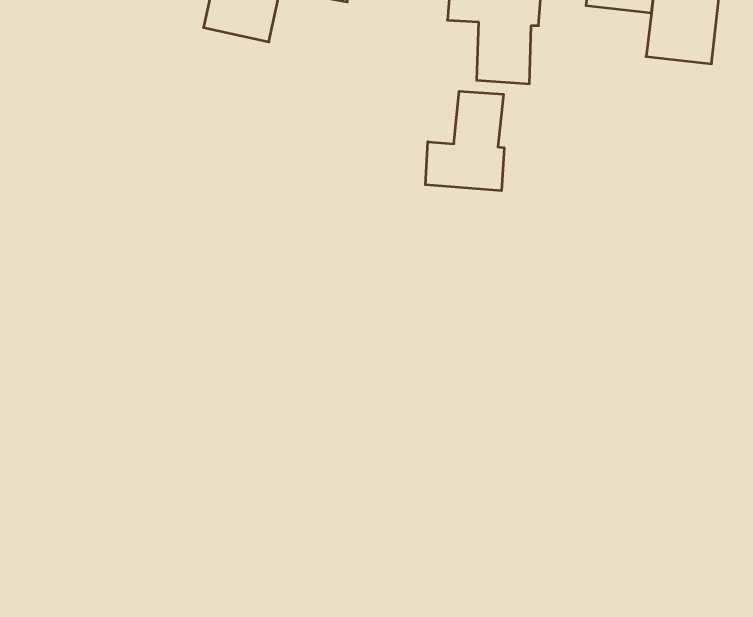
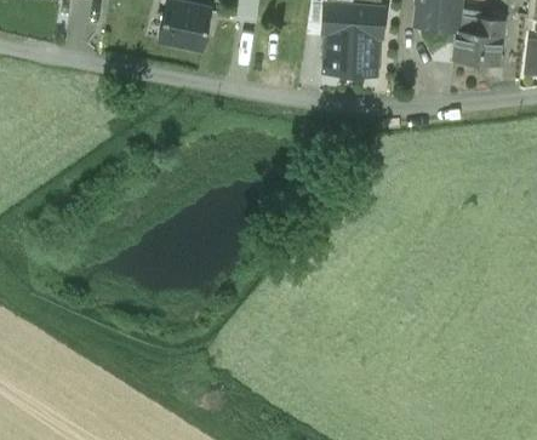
building: [425,91,504,191] -> none

